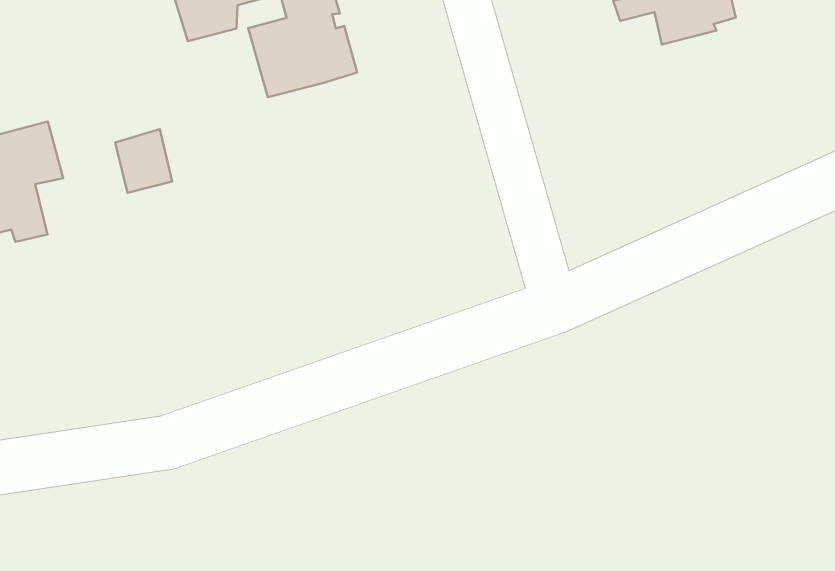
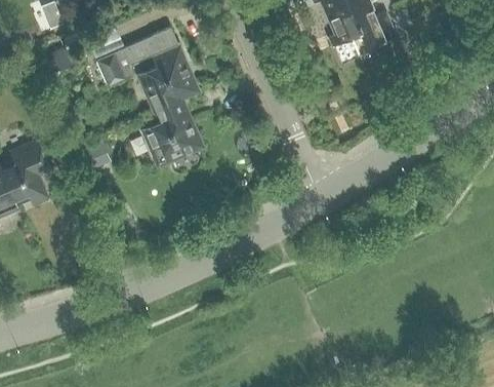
building: none -> [142,100,203,166]

